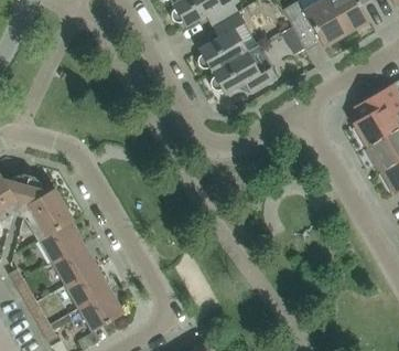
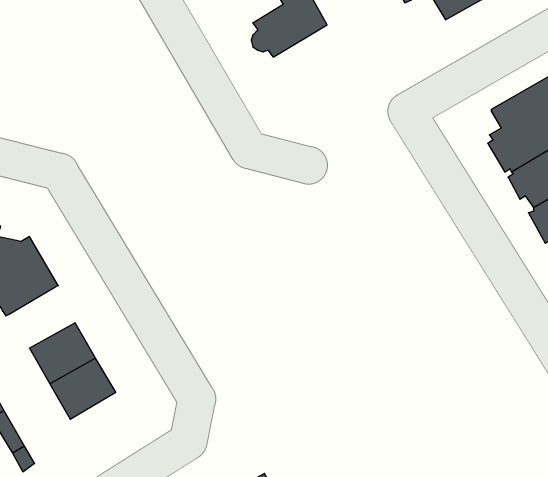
building: [211,51,277,95] -> none
building: [40,222,83,262] -> none
building: [79,290,123,331] -> none

